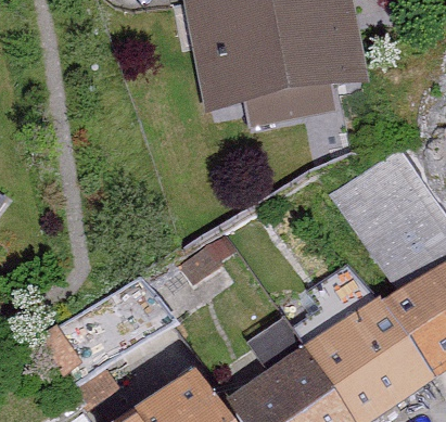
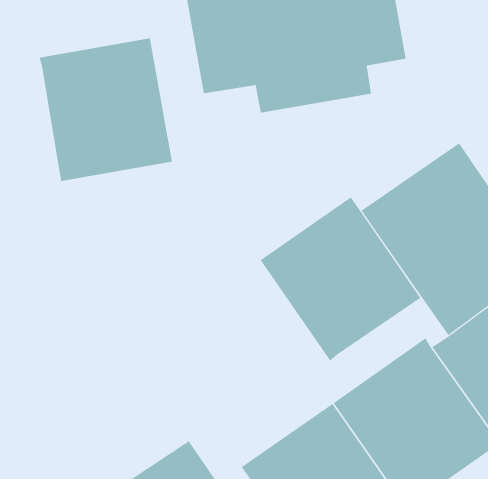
building: none -> [39,38,172,182]
building: none -> [260,197,421,362]

